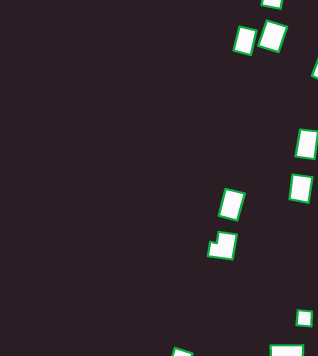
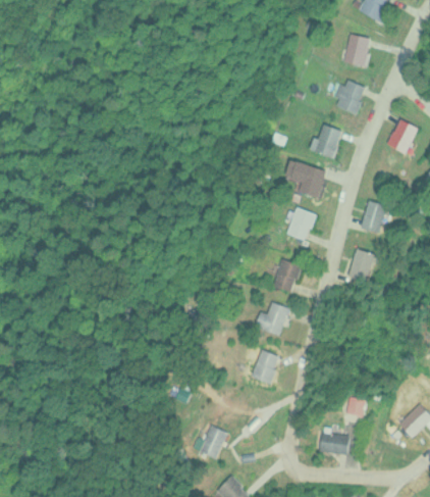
building: [233,26,257,55] -> [314,125,341,157]
building: none -> [289,161,326,198]
building: none -> [291,210,314,231]
building: none -> [252,350,281,384]

